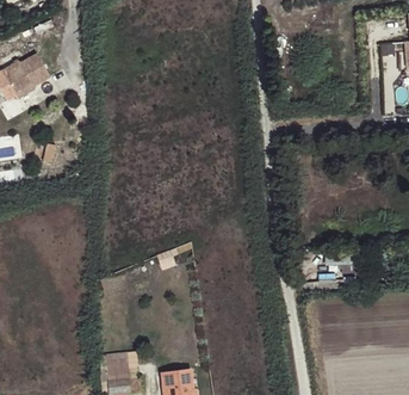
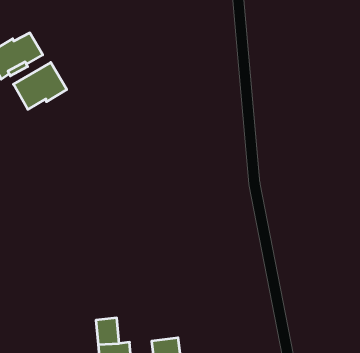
building: none -> [13,62,67,109]

